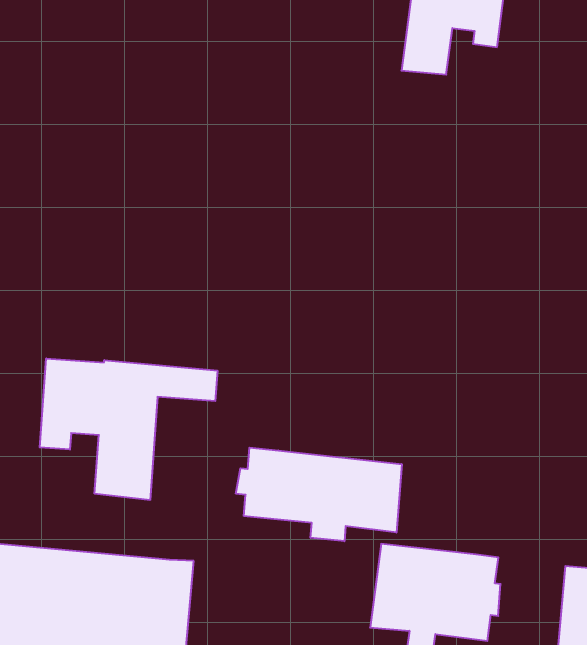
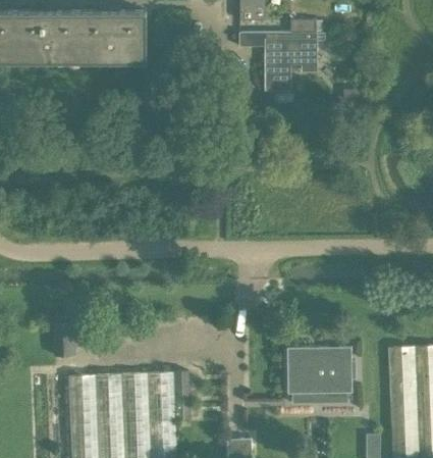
building: [40,358,217,500] -> none
building: [236,448,402,541] -> none

